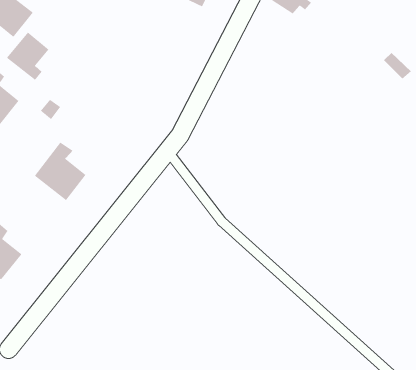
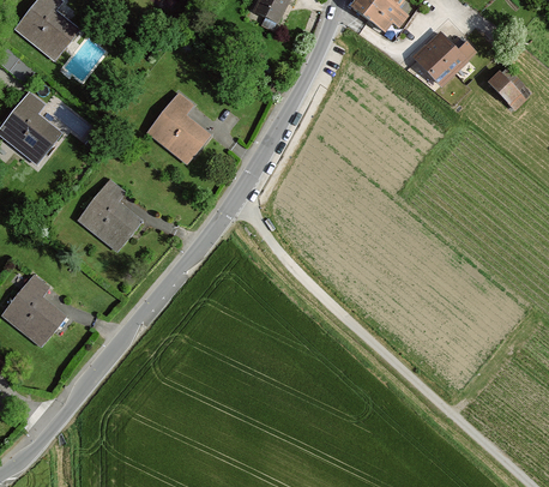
building: none -> [416,34,476,85]
building: [6,31,50,81] -> none
building: none -> [147,92,210,163]

